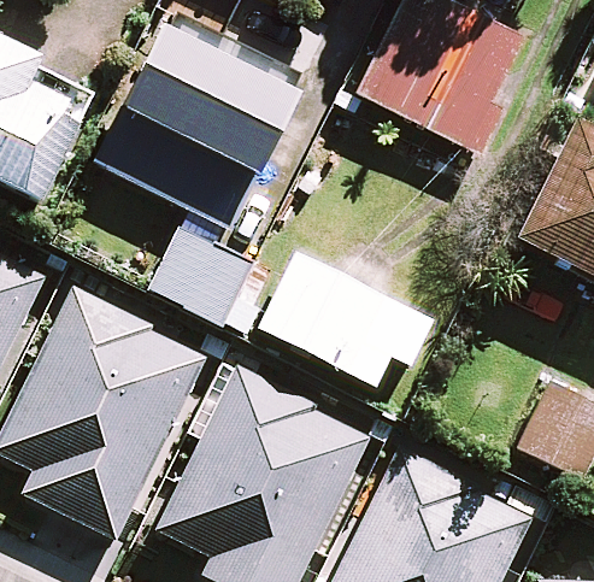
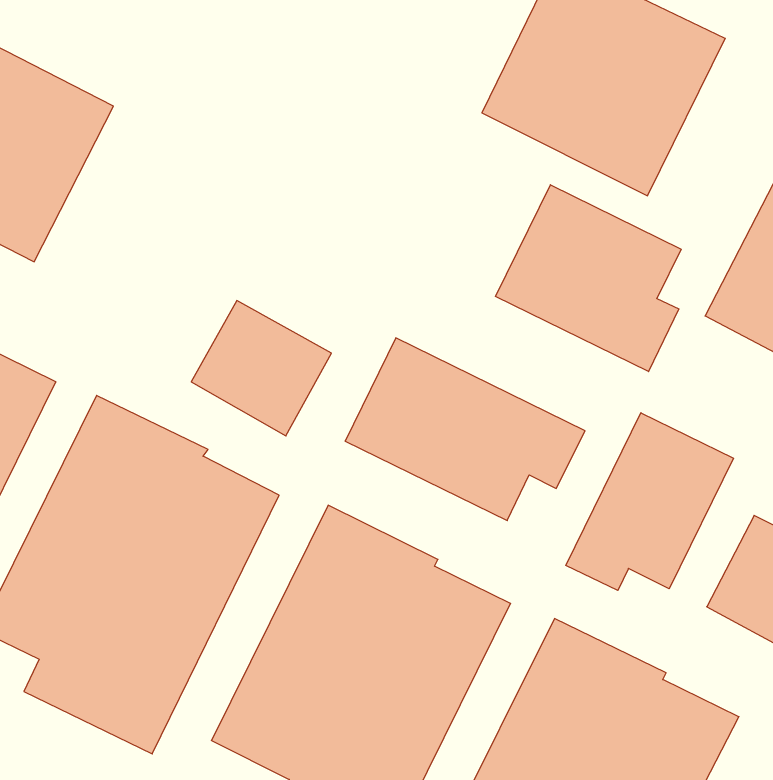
building: [92,22,294,227] -> none
building: none -> [496,185,681,372]
building: none -> [566,413,733,590]

